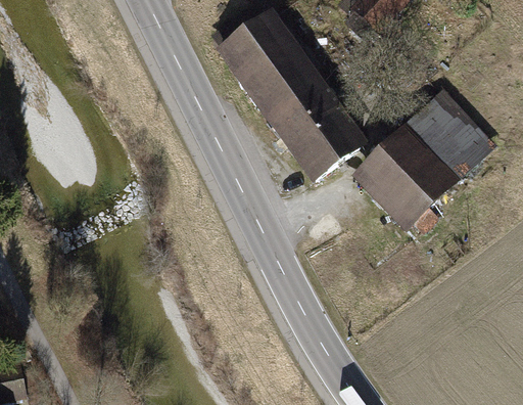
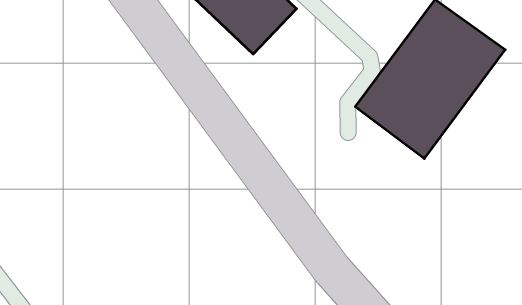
building: [266,77,363,179] -> none

